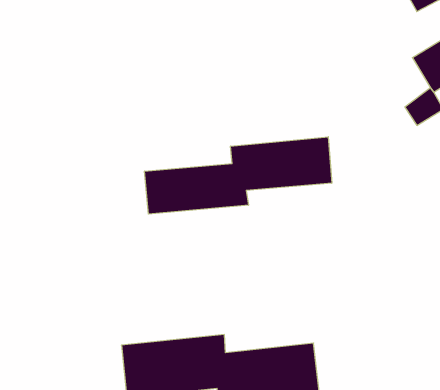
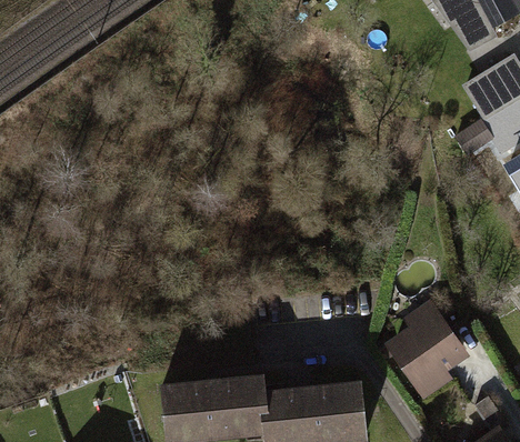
building: [145,137,332,214] -> none
building: none -> [390,303,473,395]

